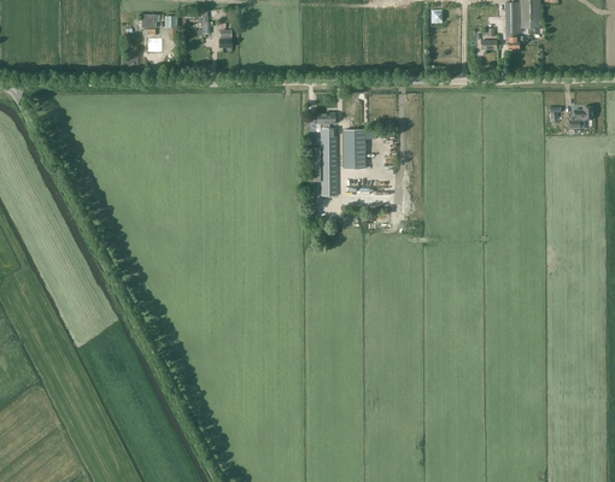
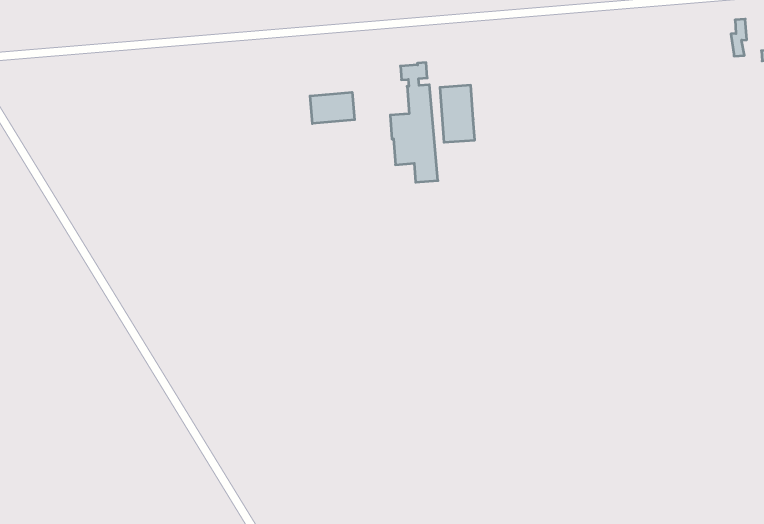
building: none -> [310,92,355,124]

